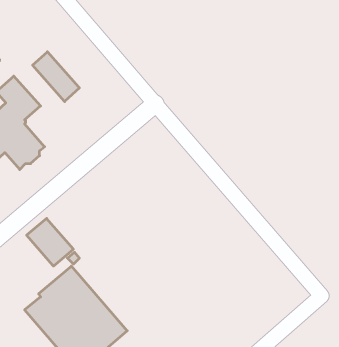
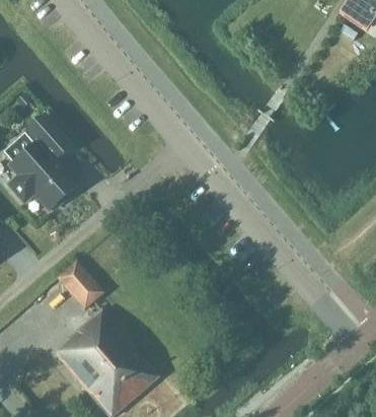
building: [33,52,79,102] -> none

